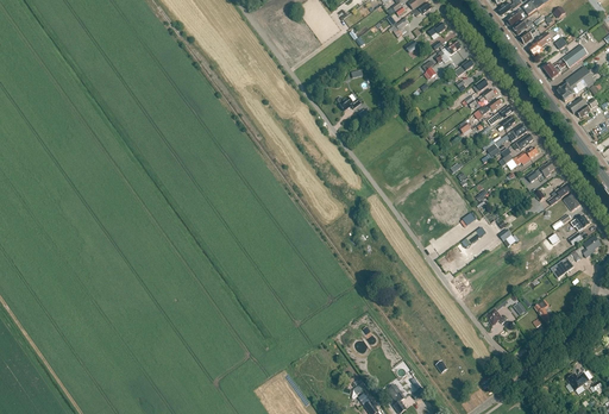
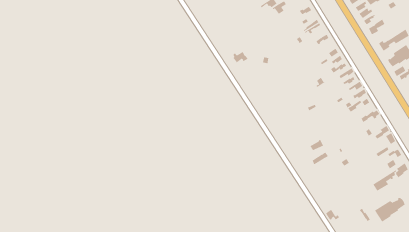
building: none -> [374,197,405,223]

